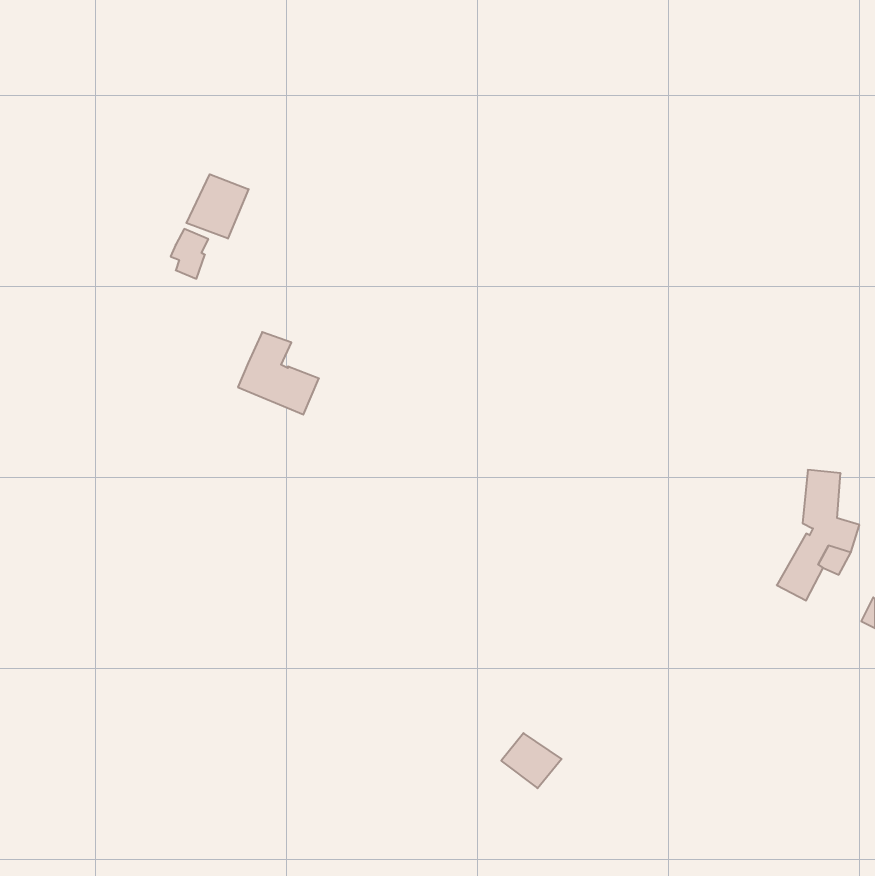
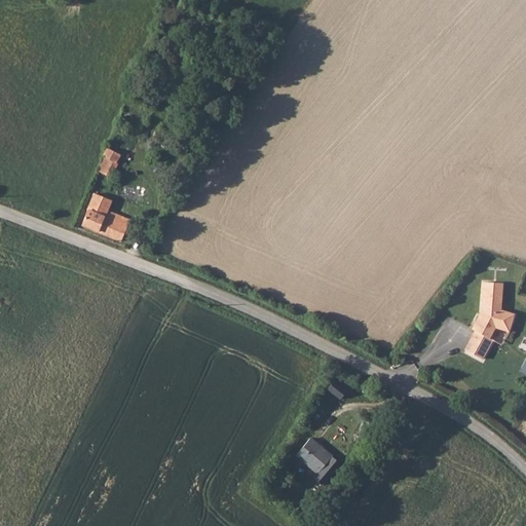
building: [186,174,249,239] -> none
building: [238,332,319,415] -> [81,192,129,241]

